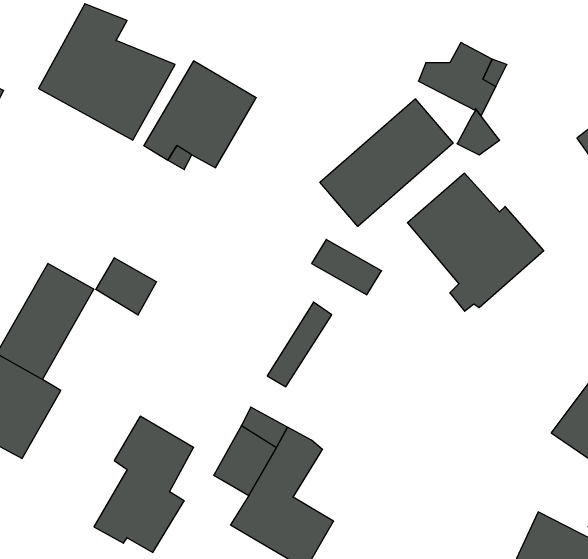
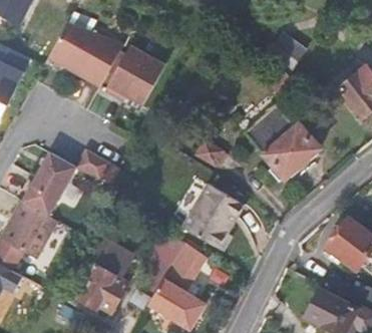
building: [320,99,453,226] -> none
building: none -> [185,187,245,250]

